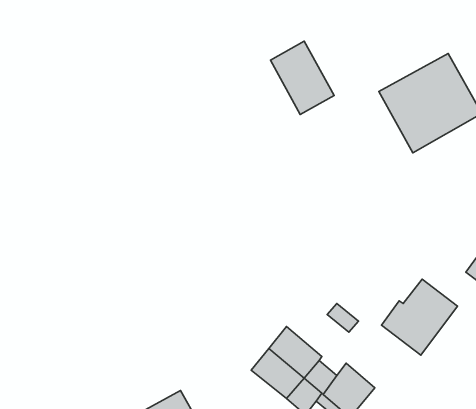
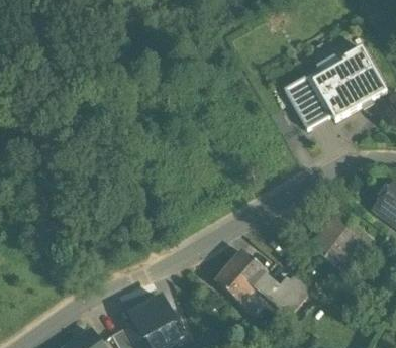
building: [270,41,334,114] -> [285,76,332,130]

